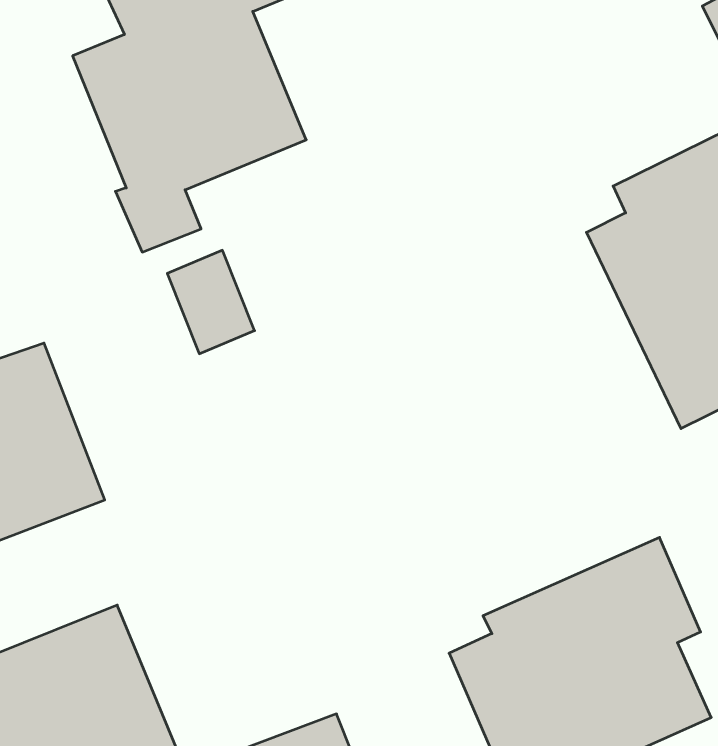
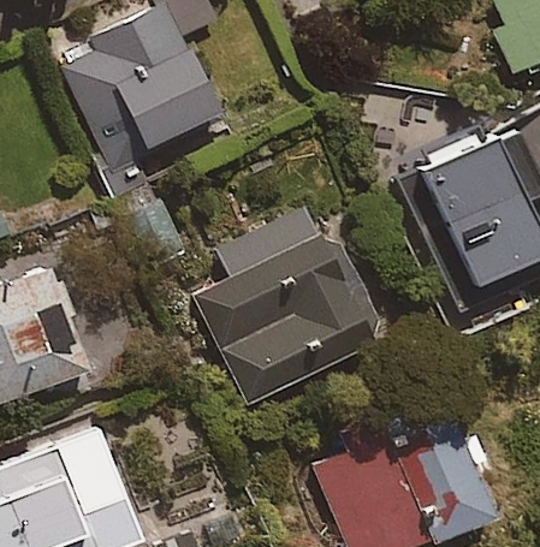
building: none -> [197,207,375,403]

